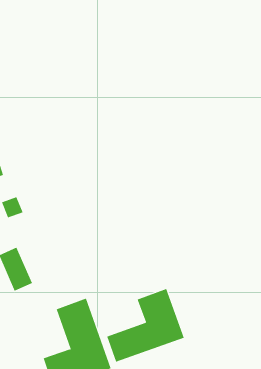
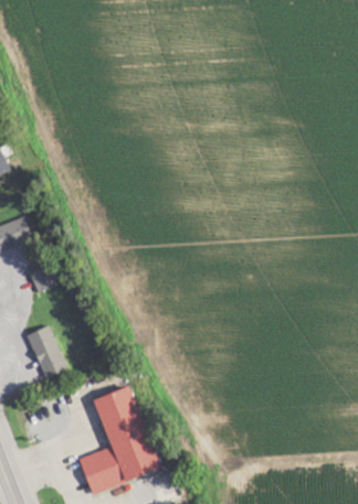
building: [107,288,184,362] -> none

